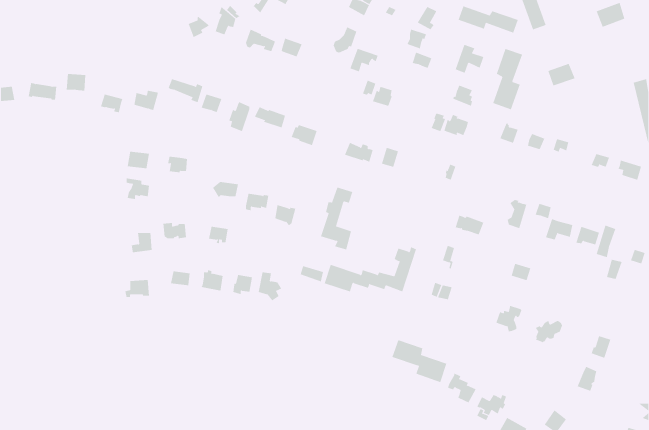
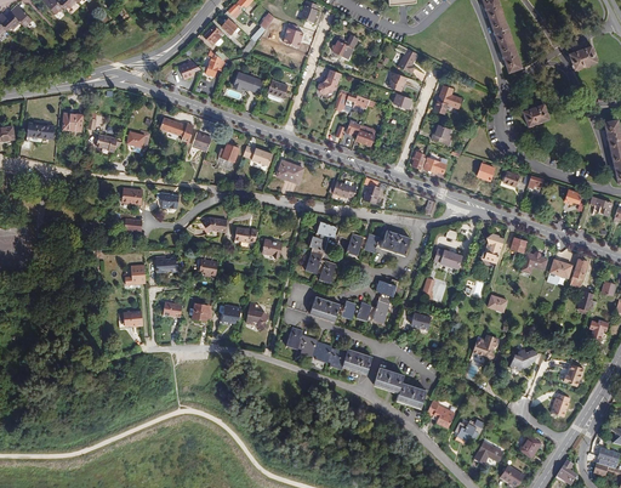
building: [458,6,518,34] -> none
building: [493,48,523,110] -> none
building: none -> [337,226,411,255]
building: none -> [286,327,372,374]

